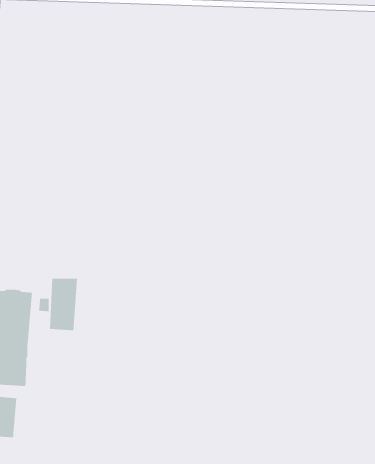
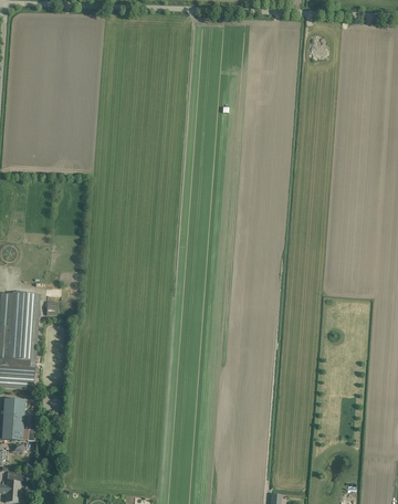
building: [49,278,78,331] -> none

